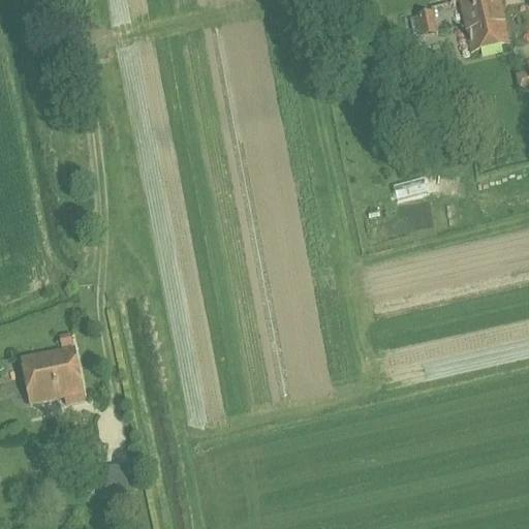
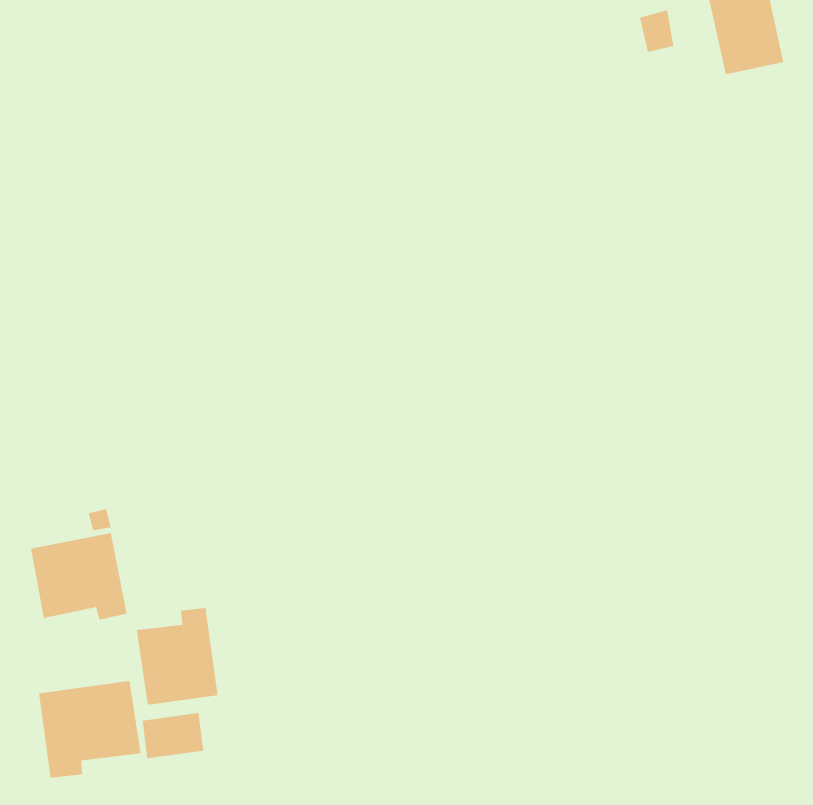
building: none -> [136,607,218,705]
building: none -> [38,680,141,779]

